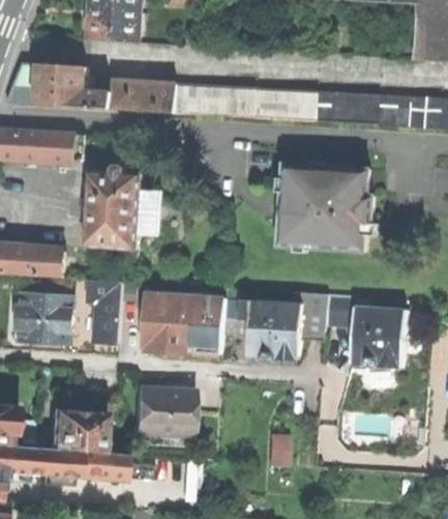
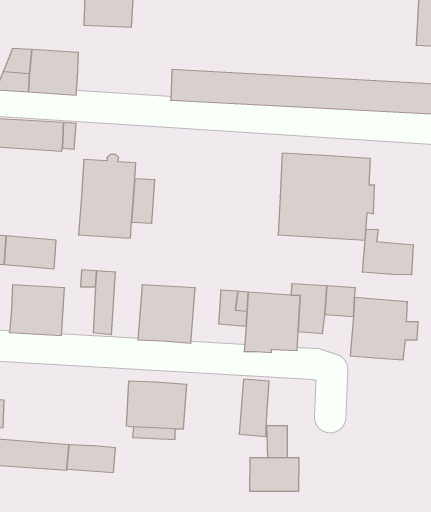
building: [83,79,176,113] -> none
building: none -> [362,229,413,275]
building: [195,296,223,352] -> [239,379,269,436]
building: [48,408,103,451] -> none
building: none -> [250,457,299,491]

